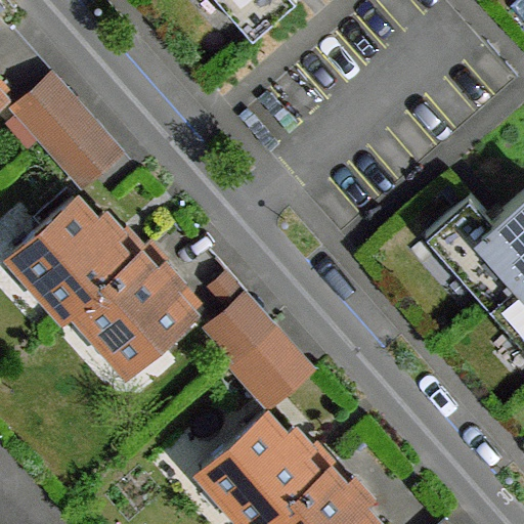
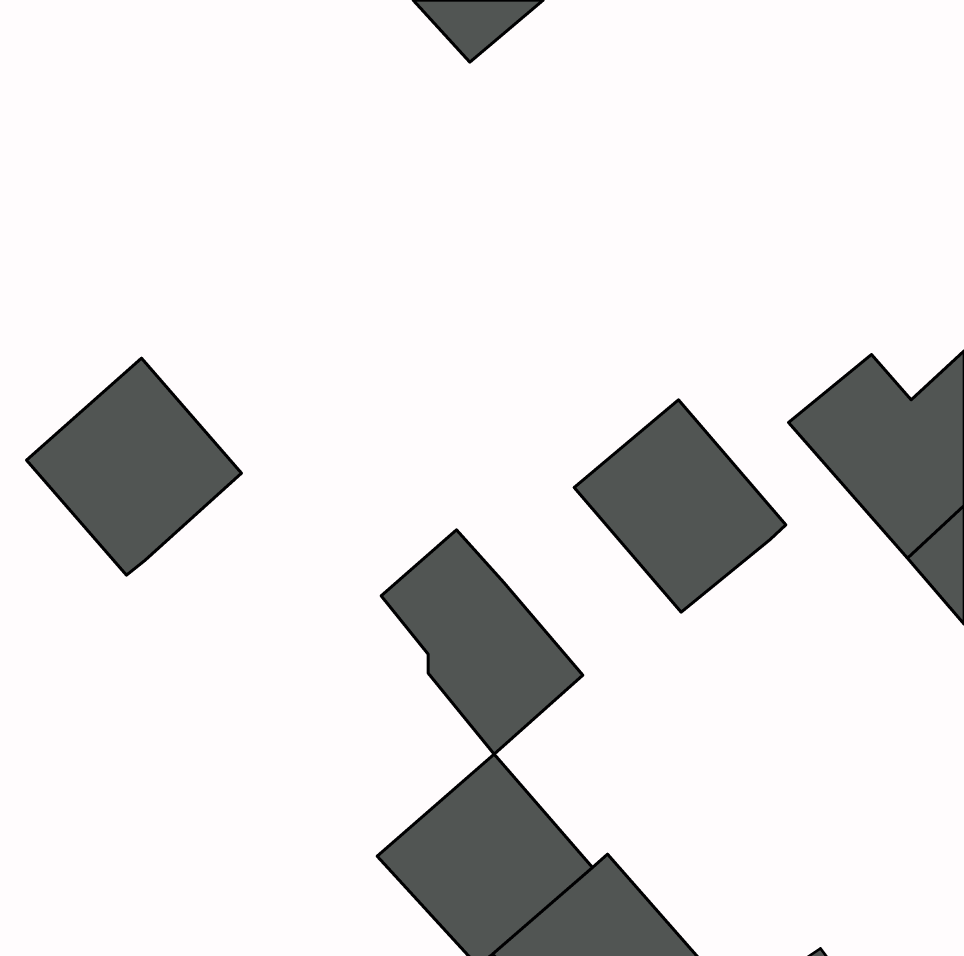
building: [12,72,120,183] -> none
building: none -> [574,400,786,612]
building: [79,253,194,369] -> none

